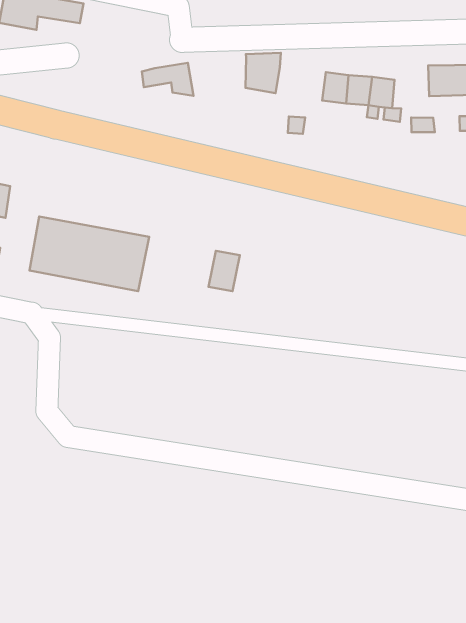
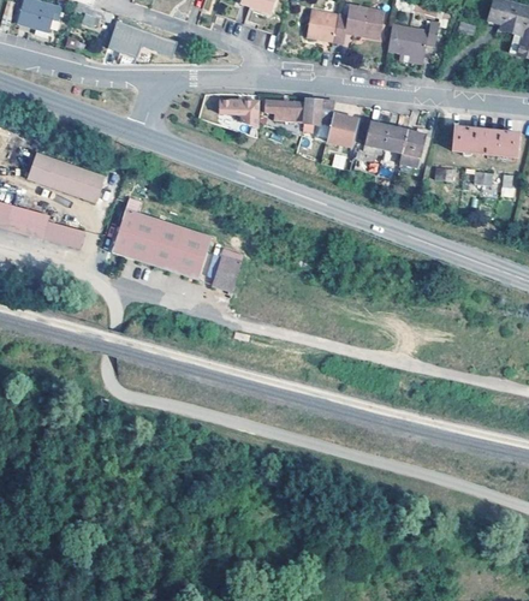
building: none -> [264,99,307,125]
building: none -> [326,112,358,145]
building: [208,251,240,291] -> [209,256,238,291]

